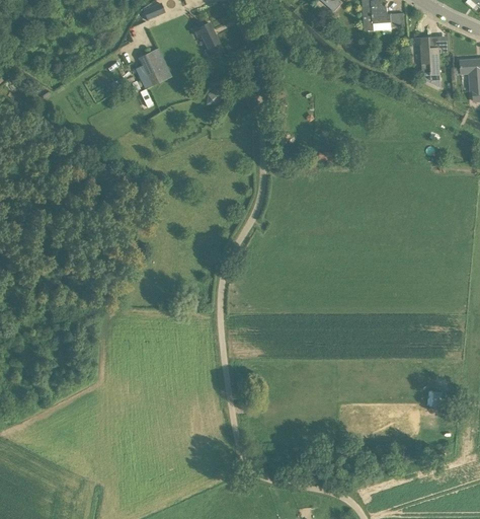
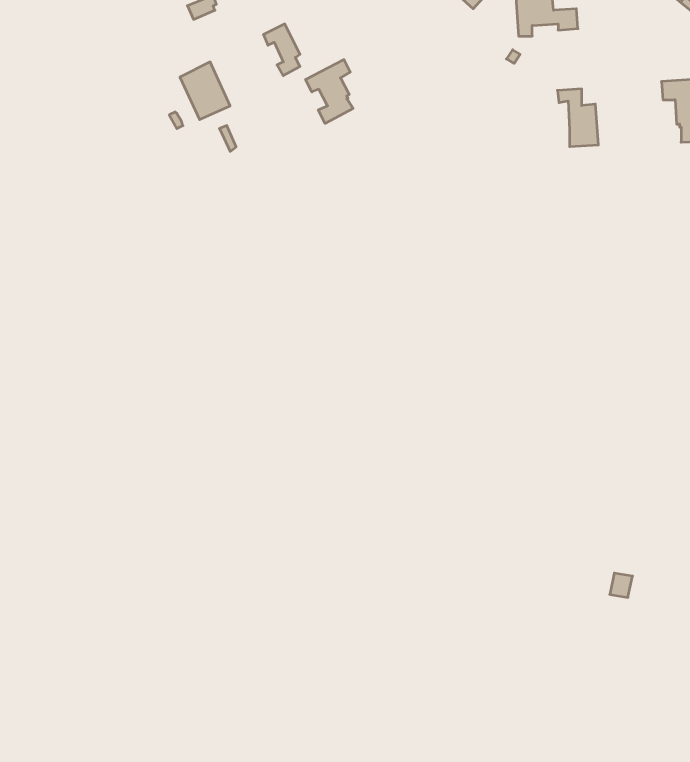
building: [413,35,441,74] -> [557,89,598,147]
building: none -> [306,60,353,123]

